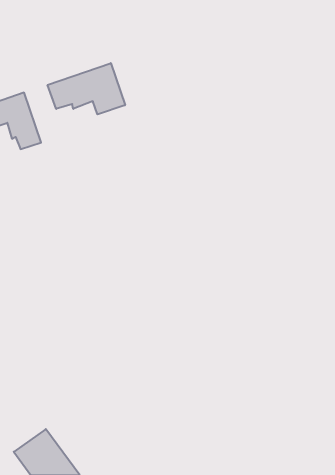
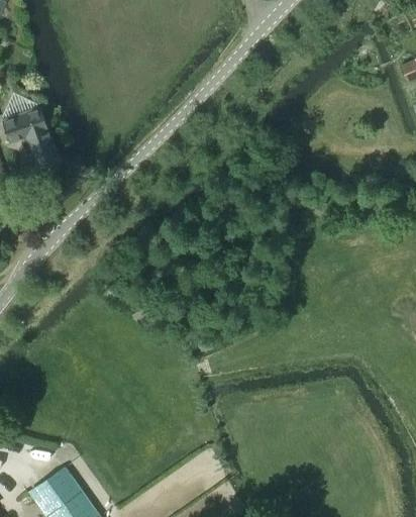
building: [48,63,125,114] -> none

